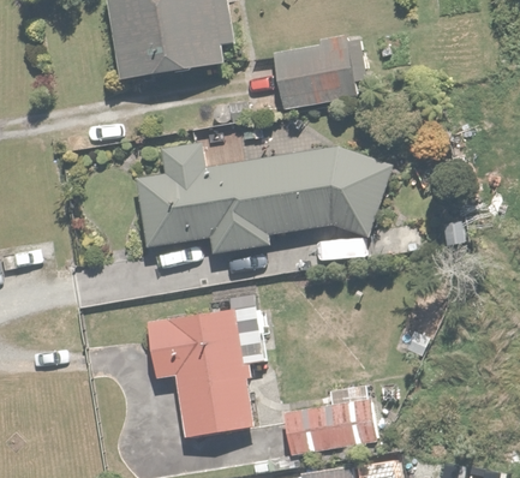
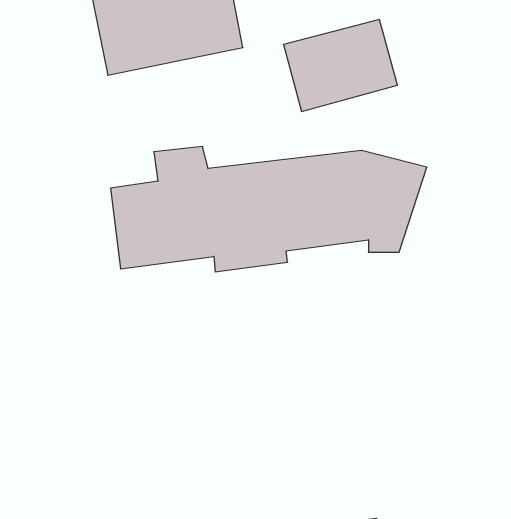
building: [145,306,273,435] -> none
building: [283,388,379,454] -> none

